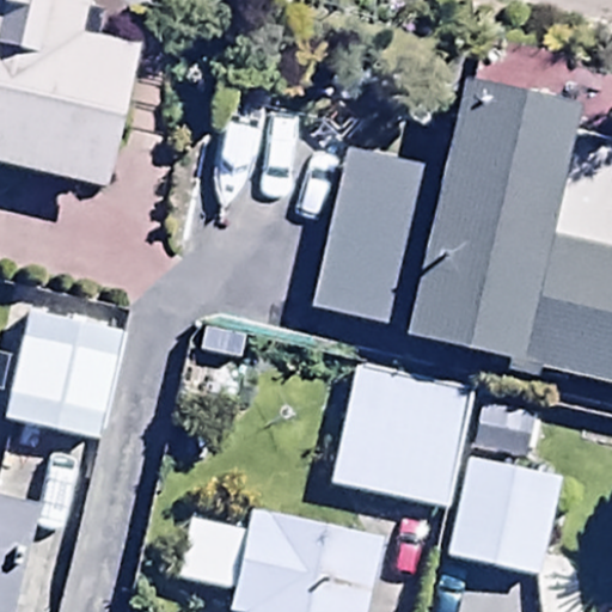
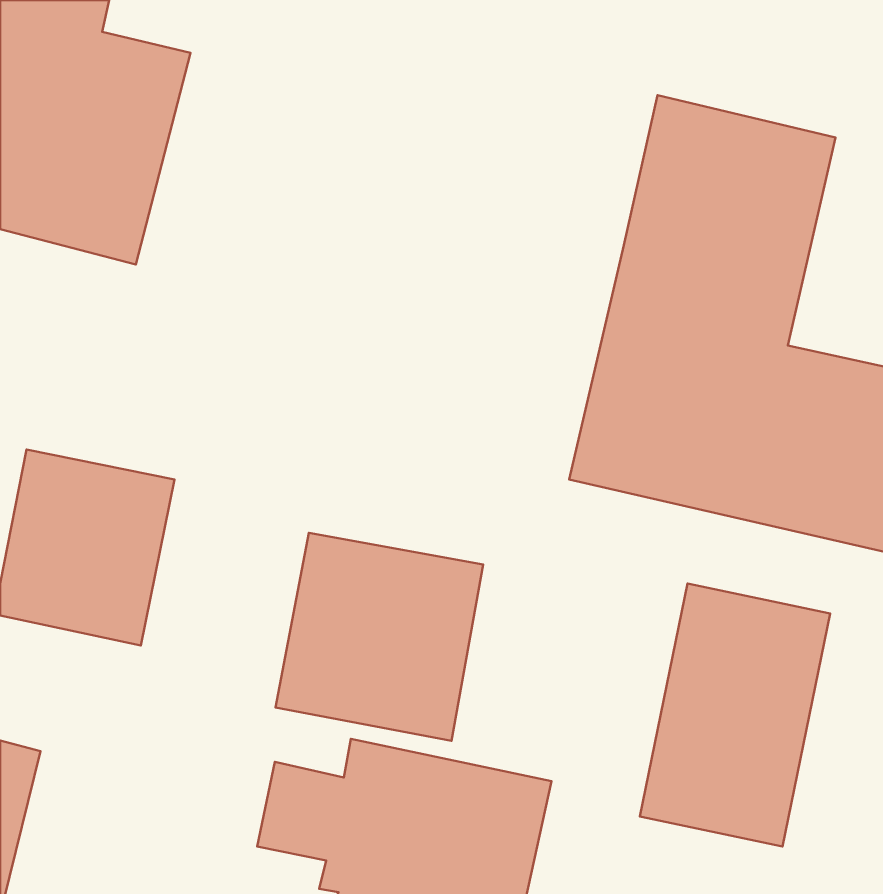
building: [308,149,435,330] -> none
building: [332,366,473,507] -> [275,533,483,741]

